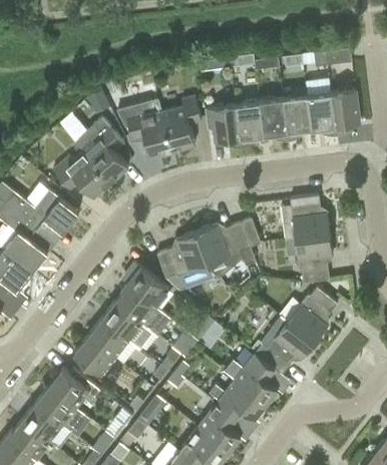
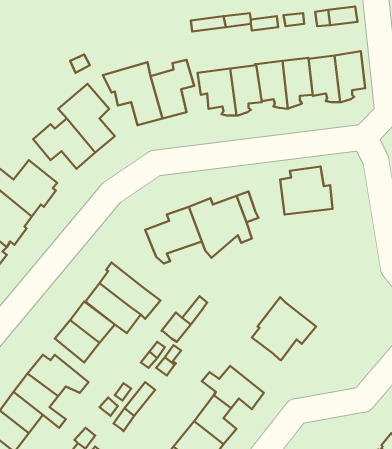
building: [285,235,332,283] -> none
building: [125,263,168,307] -> none
building: [286,287,337,343] -> none
building: [225,353,278,404] -> none

